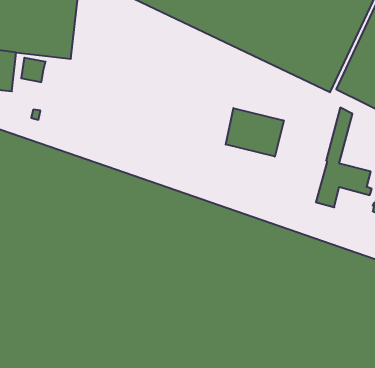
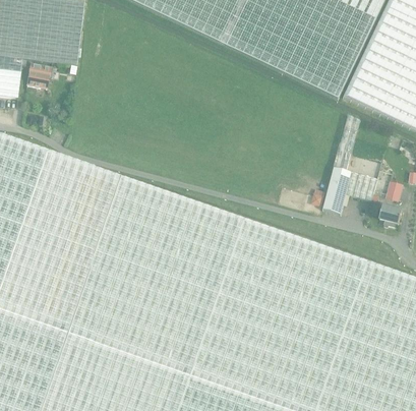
building: [226,108,284,157] -> none

